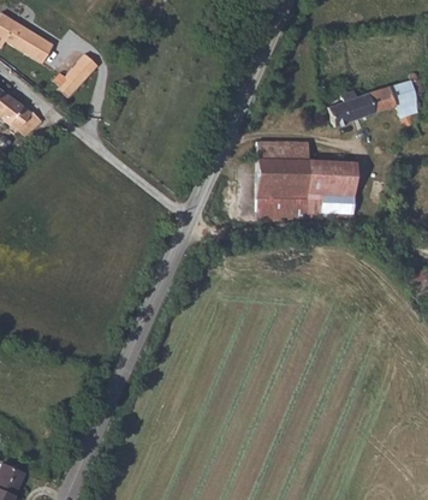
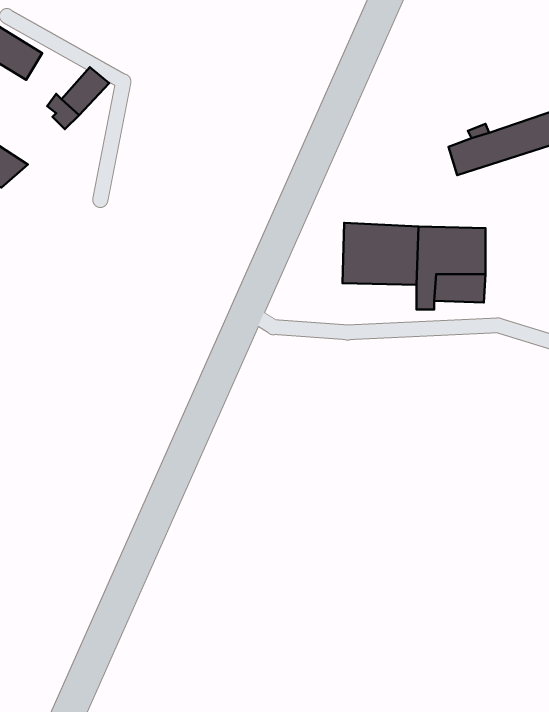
building: [258,141,309,161] -> none
building: [257,200,308,221] -> none

